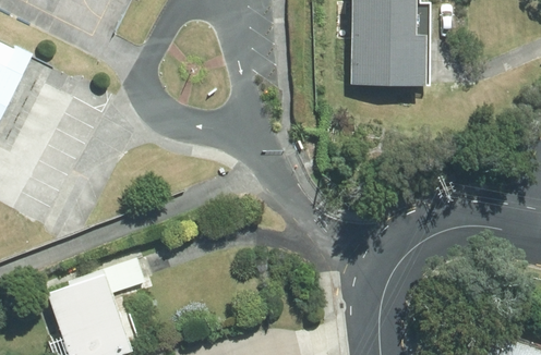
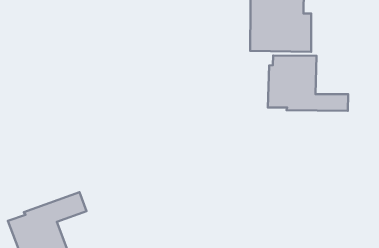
building: none -> [268,55,348,111]

